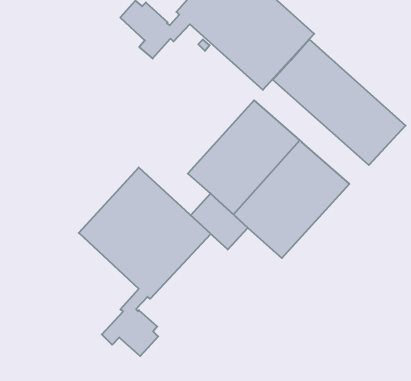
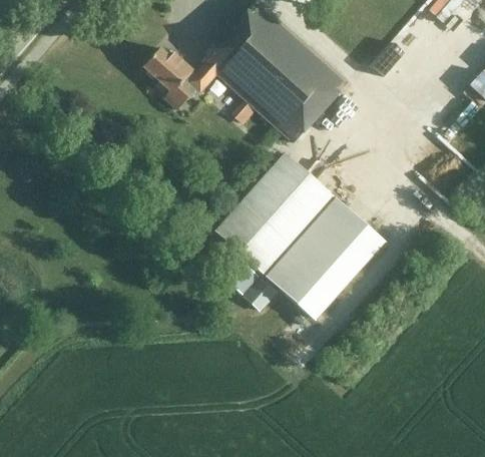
building: [273,39,406,165] -> none
building: [79,167,211,356] -> none

